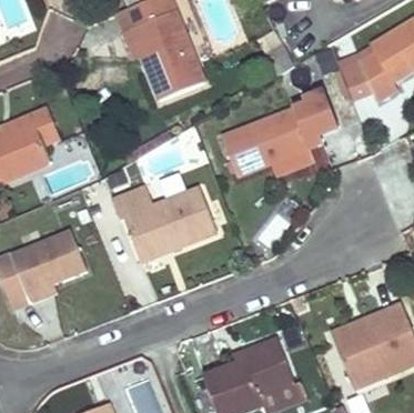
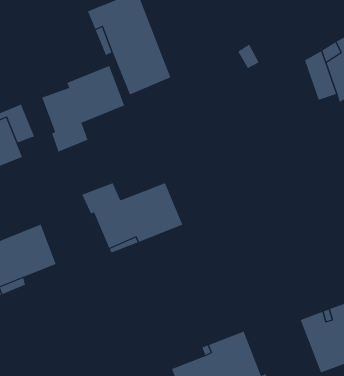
building: none -> [42,65,125,152]
building: [222,92,337,173] -> none

